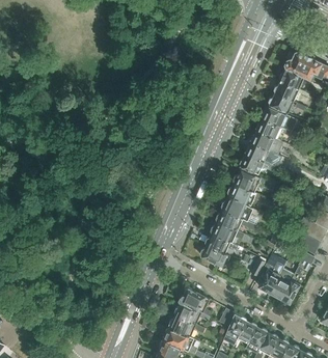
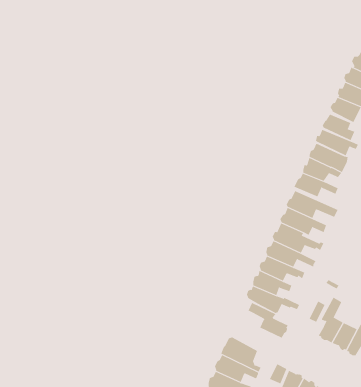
building: none -> [248,302,288,339]

